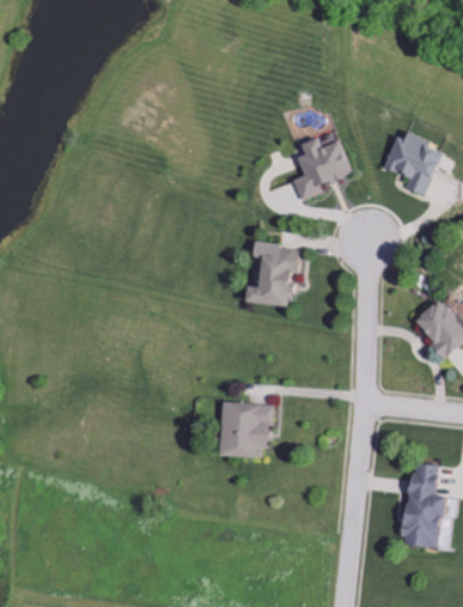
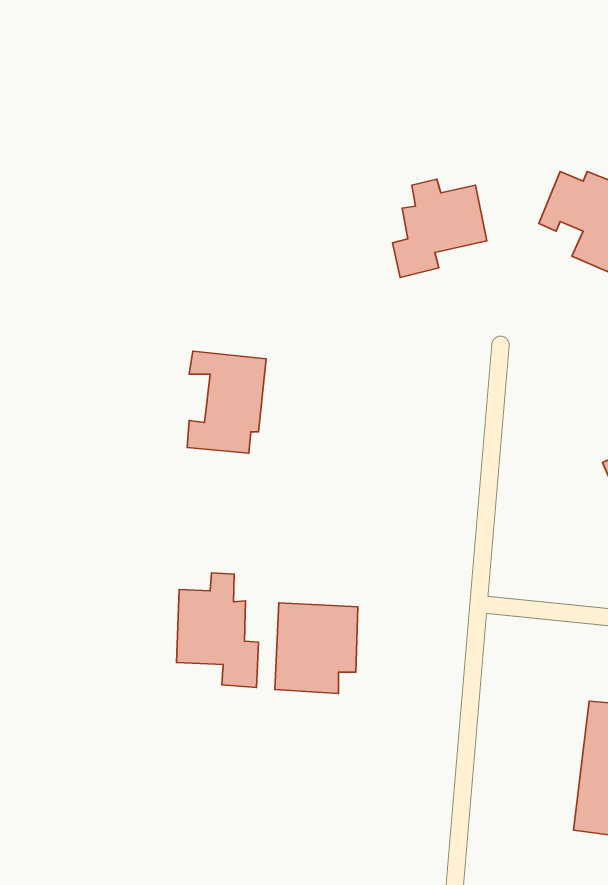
building: [250,243,299,306] -> [187,351,266,453]
building: none -> [177,573,258,688]

